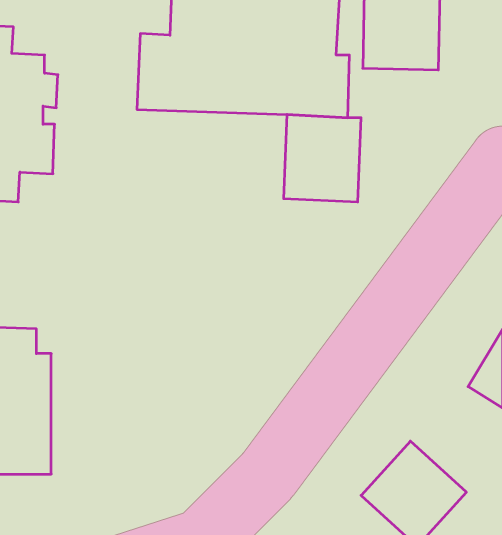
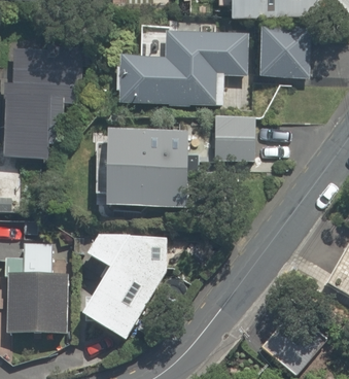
building: none -> [94,127,193,208]
building: none -> [81,234,167,341]

